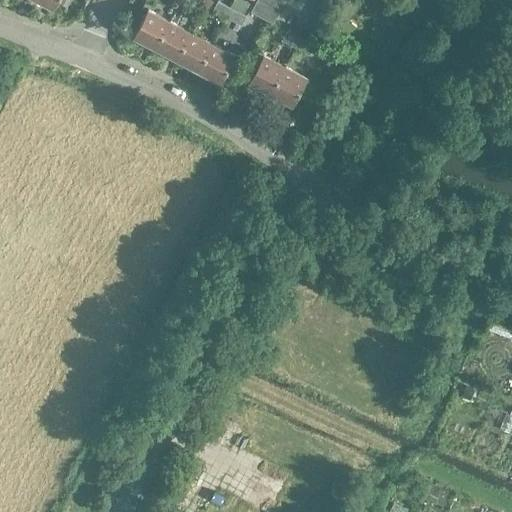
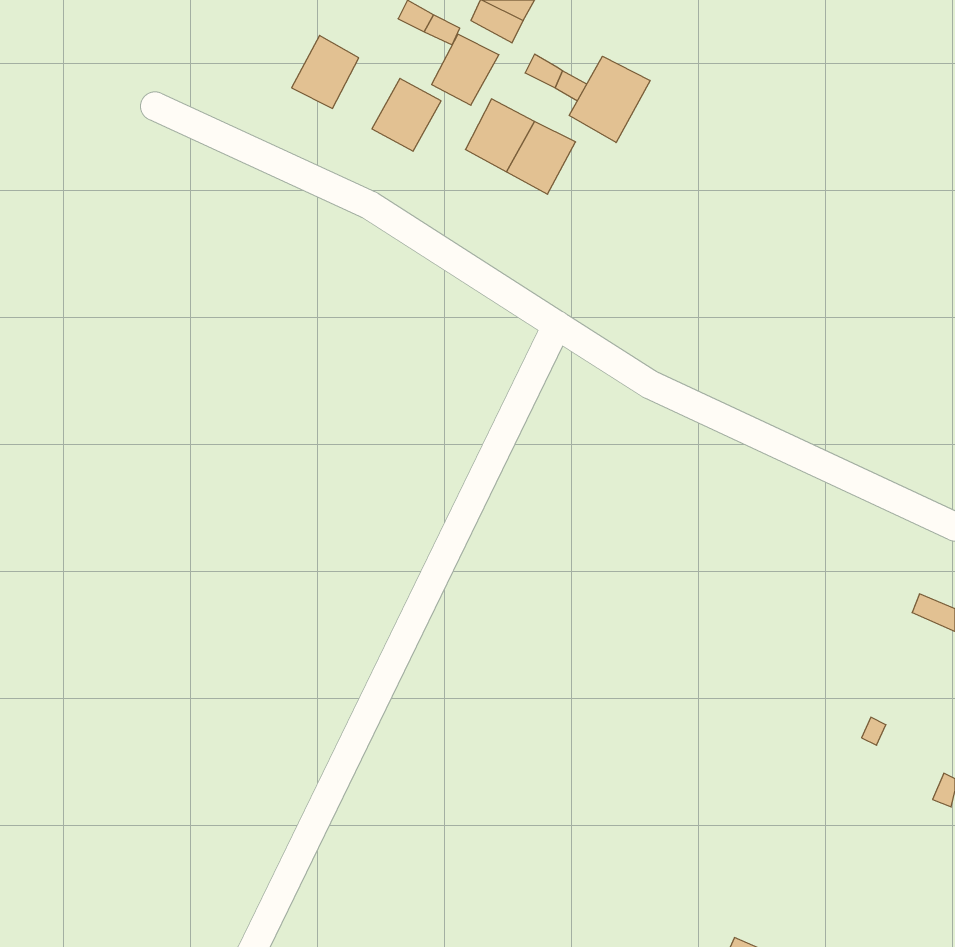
building: [134,12,171,51] -> none
building: none -> [569,56,650,143]
building: [178,35,214,73] -> [432,34,499,105]

